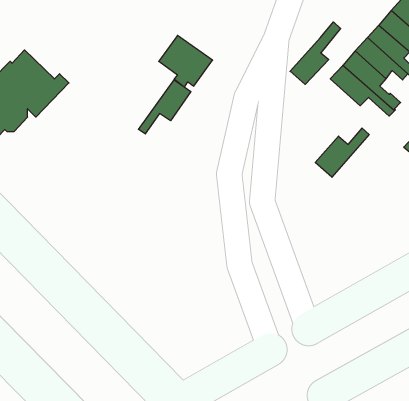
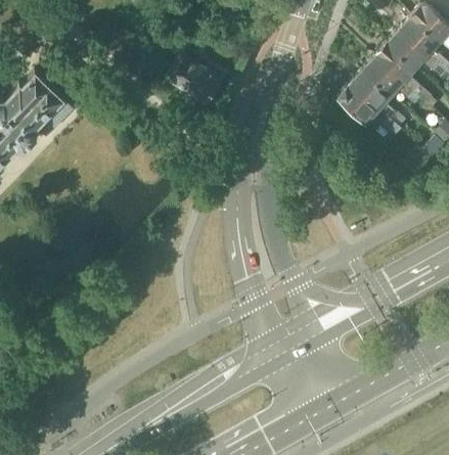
building: [290,22,341,84] -> none
building: [138,80,191,134] -> none
building: [315,128,369,177] -> none

